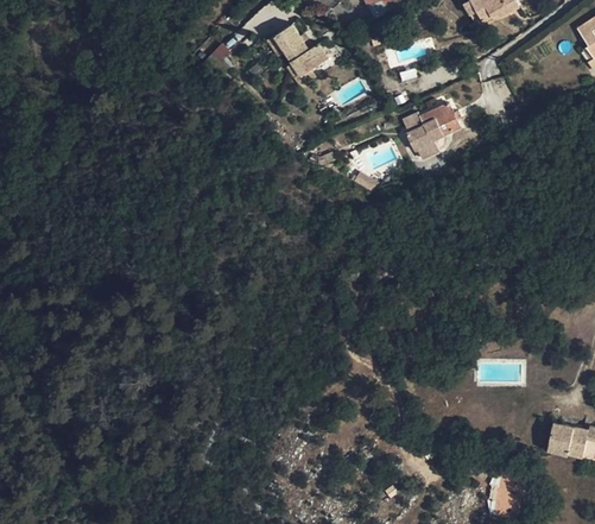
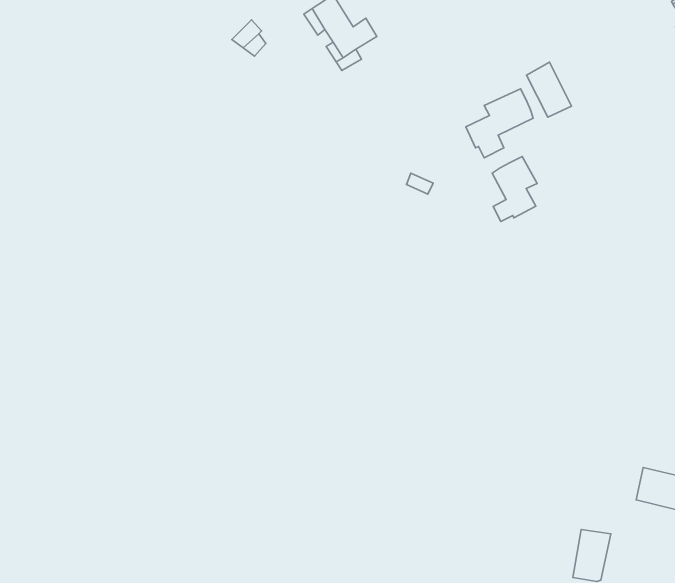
building: none -> [526,62,571,117]
building: none -> [492,156,537,222]

